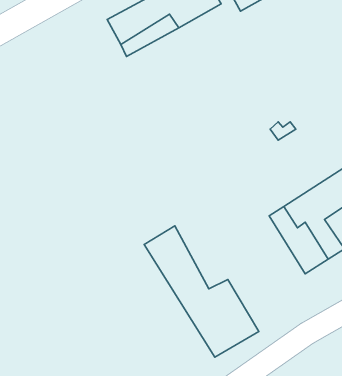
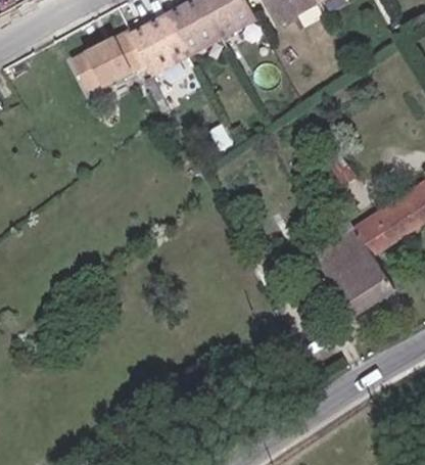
building: none -> [67,35,131,90]
building: [144,226,259,357] -> none

